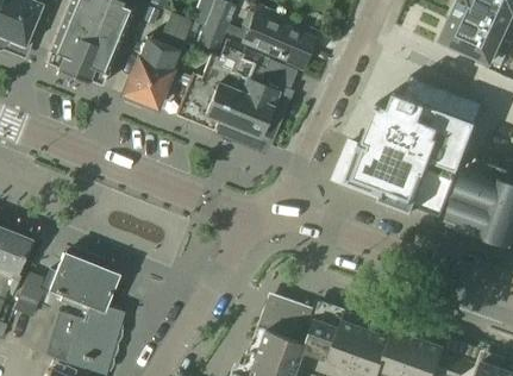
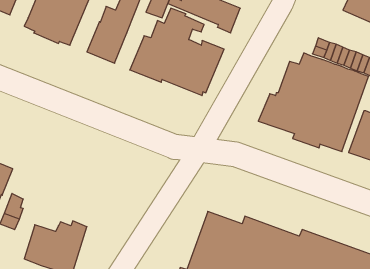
building: [42,255,117,312] -> none

